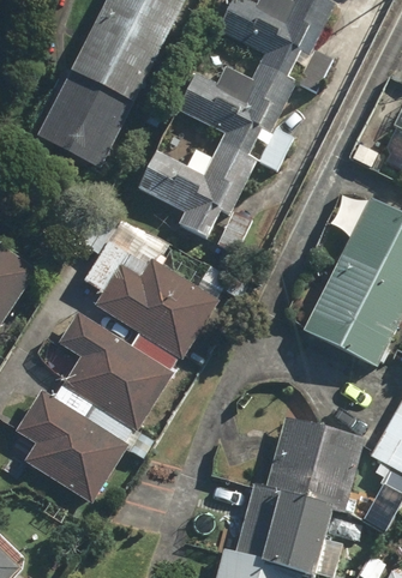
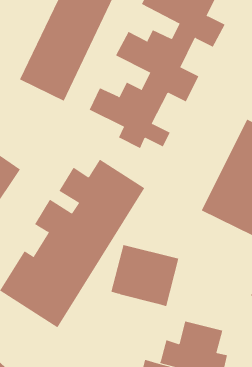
building: [263,420,364,511] -> [110,245,179,307]

